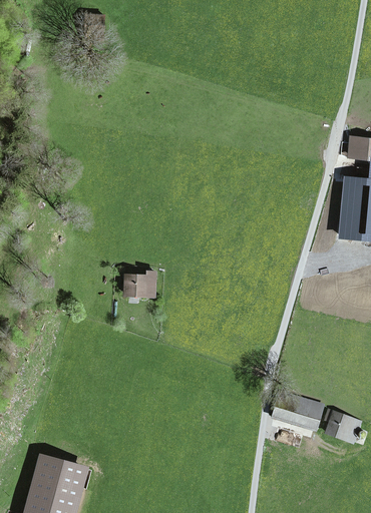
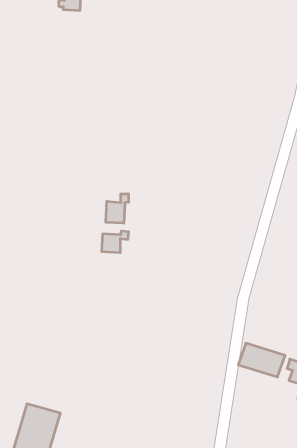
building: none -> [106,194,129,223]

